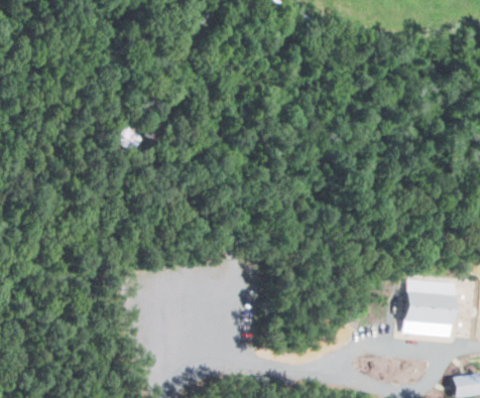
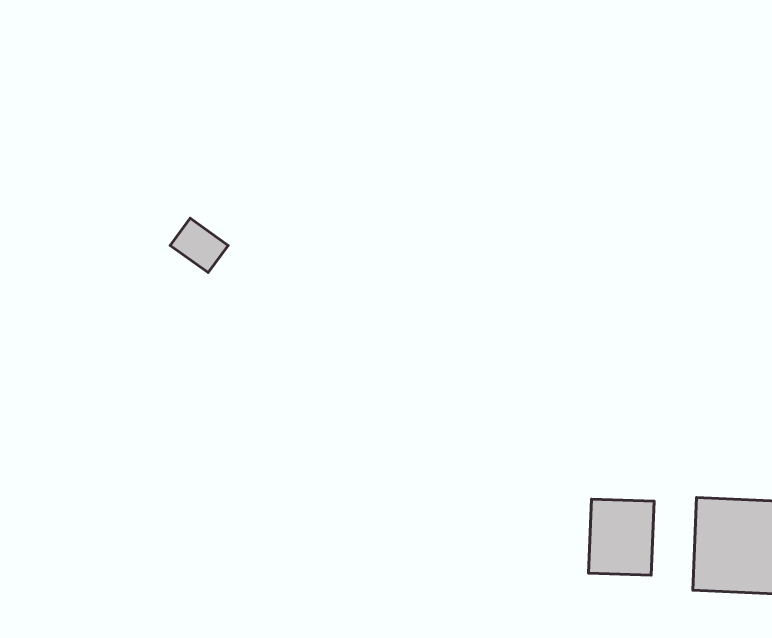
building: none -> [589,499,654,575]

